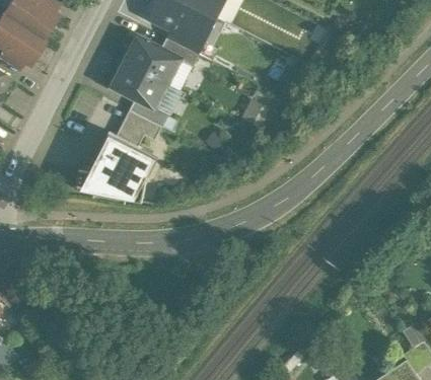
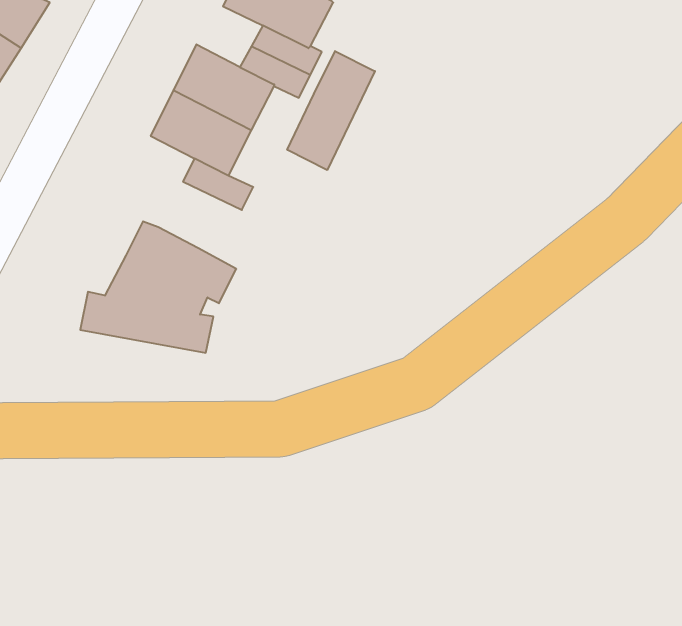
building: none -> [287,51,375,170]
building: [117,109,162,146] -> none

